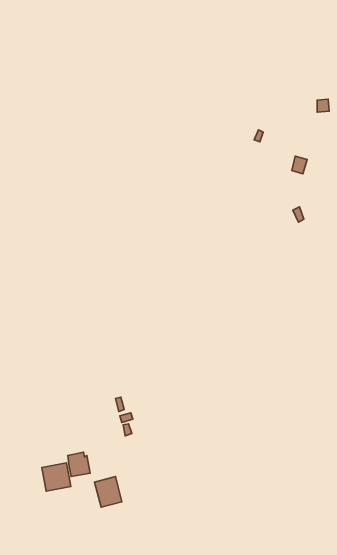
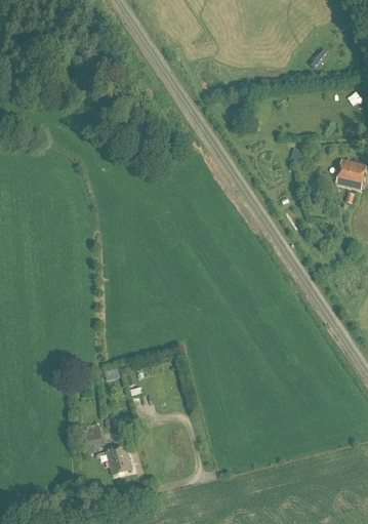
building: [42,463,71,491] -> none

